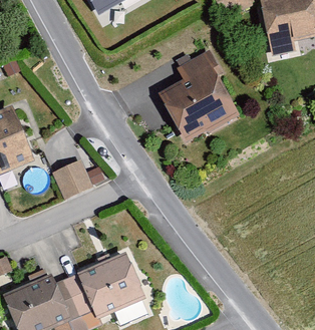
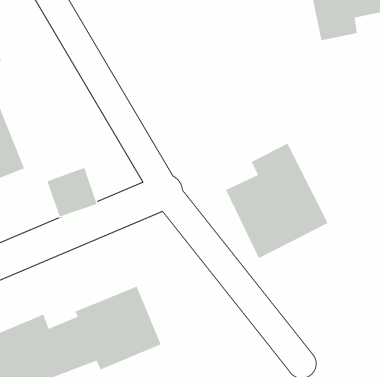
building: [156,55,238,146] -> [225,143,329,259]

